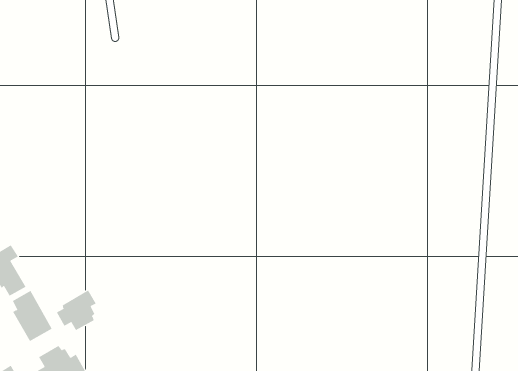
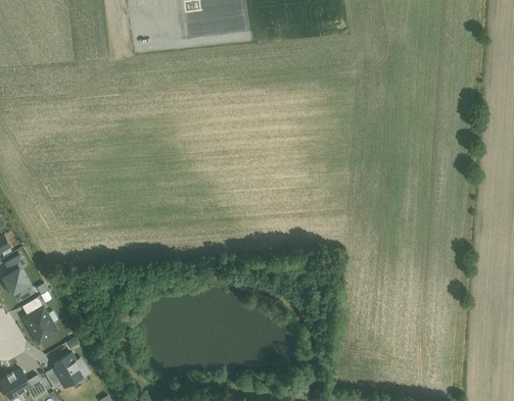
building: [56,290,96,331] -> none

